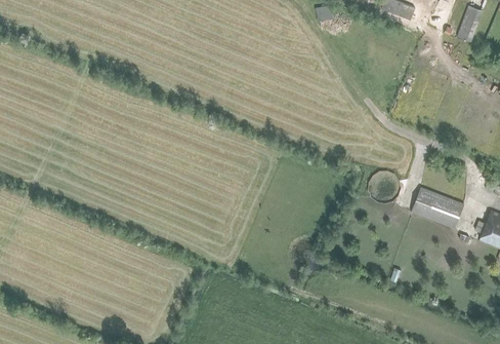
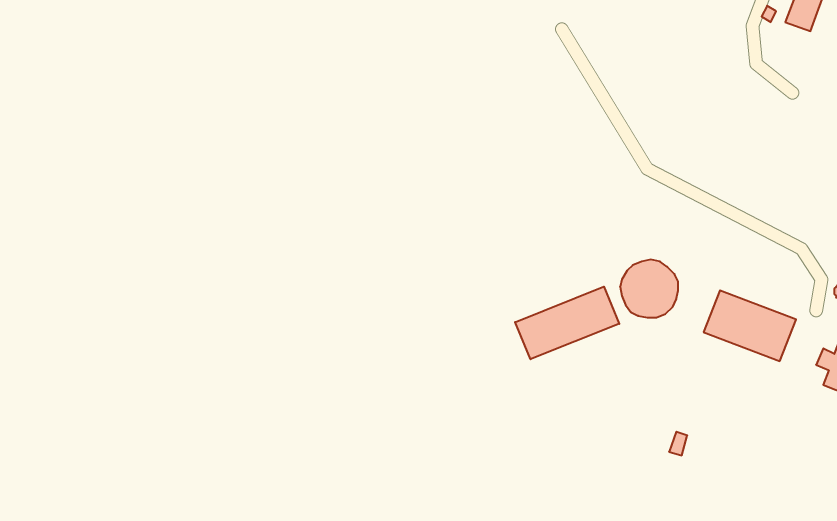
building: none -> [515,287,619,359]

